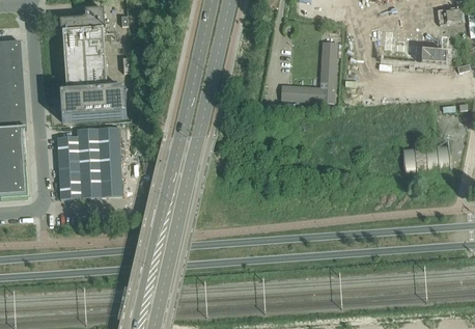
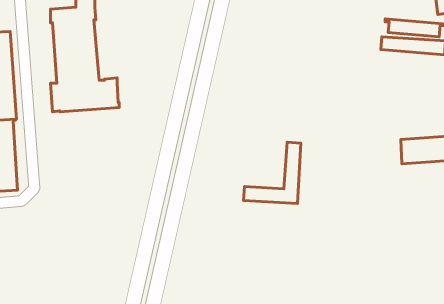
building: [280,42,336,102] -> [244,142,301,204]
building: [56,127,121,198] -> none

